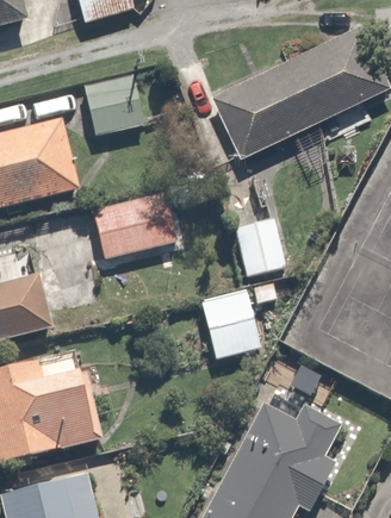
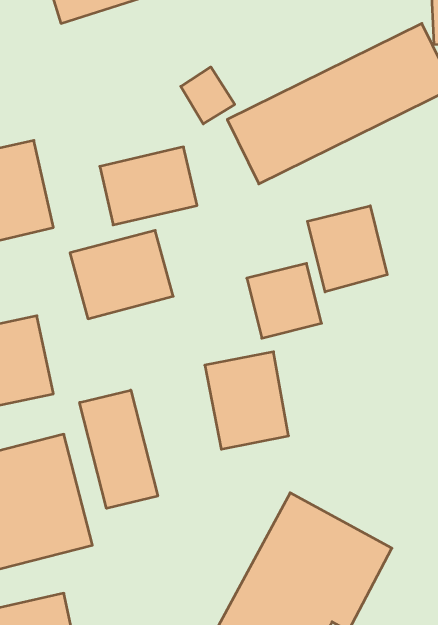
building: [76,74,154,136] -> [100,147,197,225]
building: none -> [307,206,387,292]
building: none -> [80,390,158,508]

